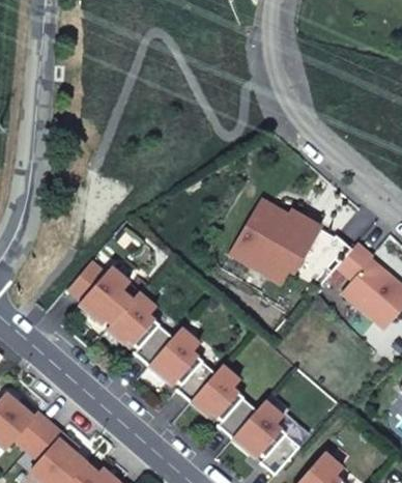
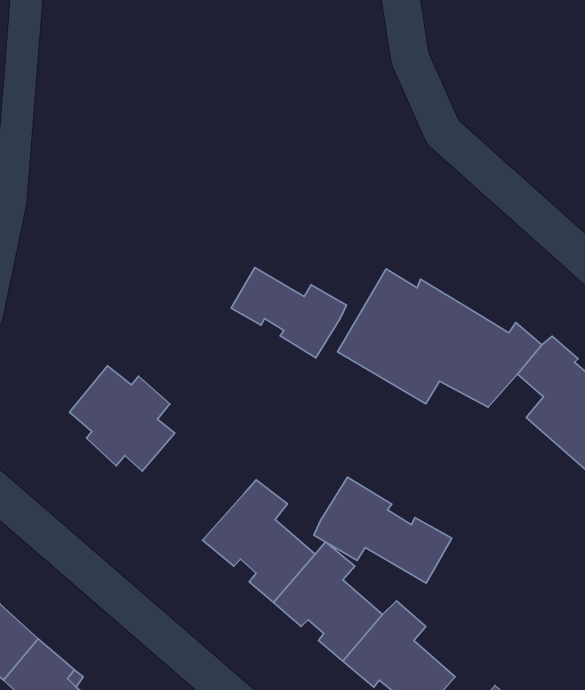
building: none -> [231,268,346,358]
building: [108,293,174,366] -> none
building: none -> [314,477,452,583]

